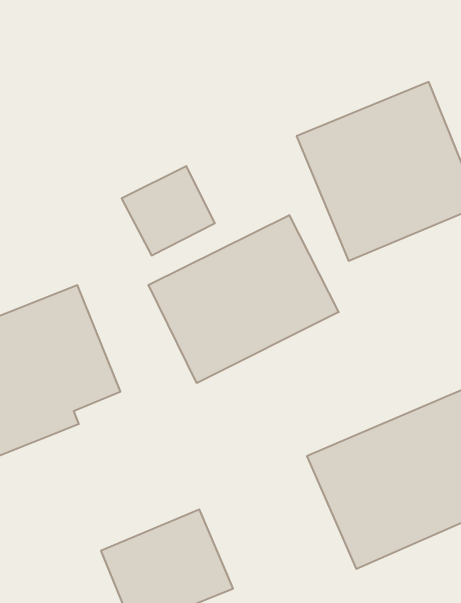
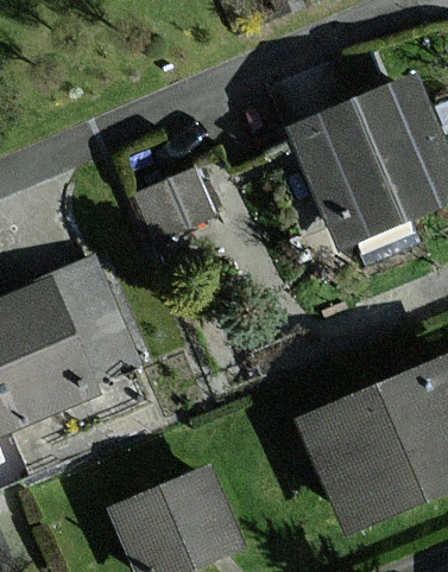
building: [148,215,339,383] -> none

